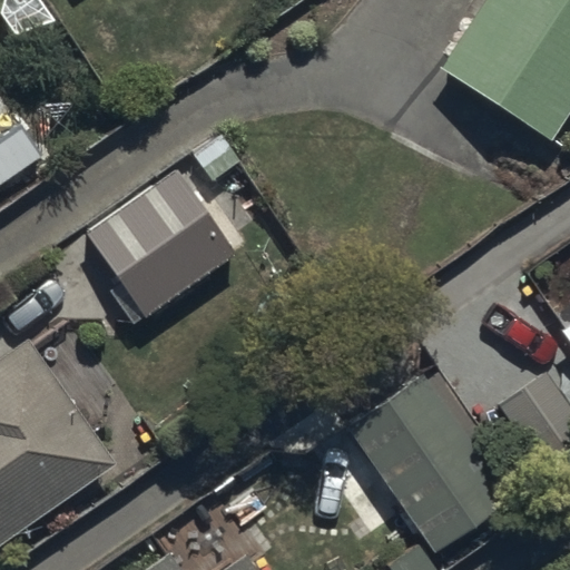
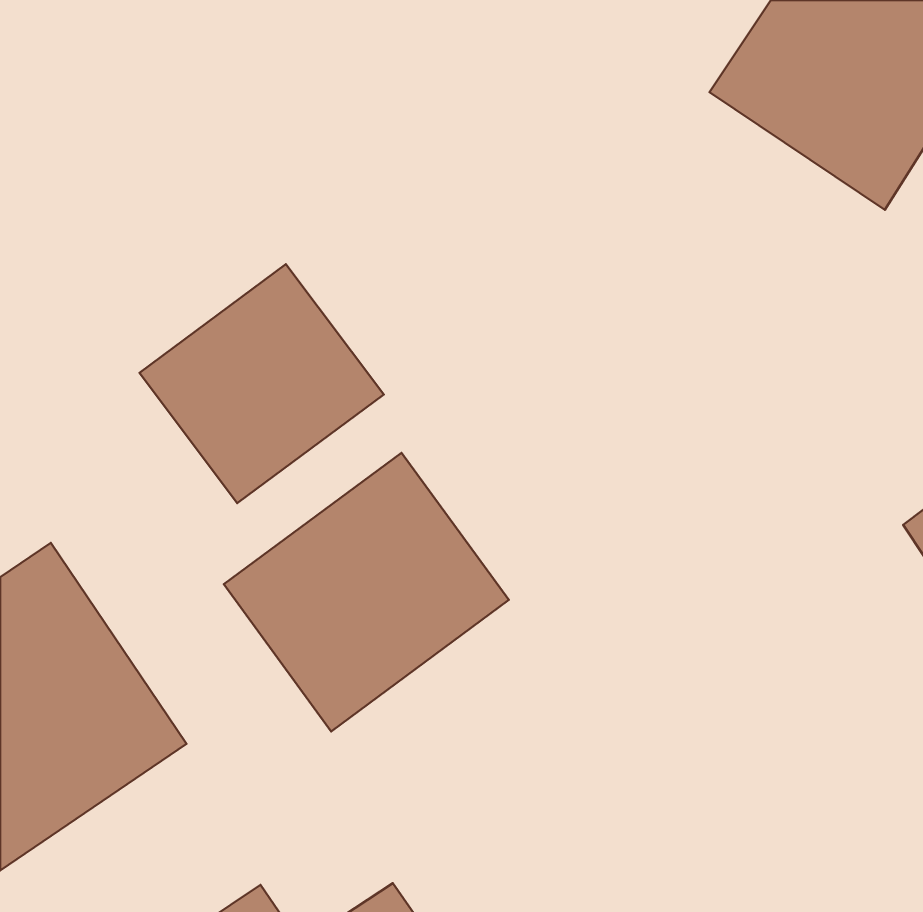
building: none -> [224,453,509,731]
building: [308,373,504,552] -> none

